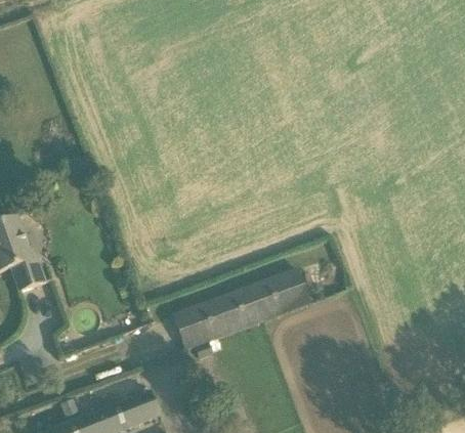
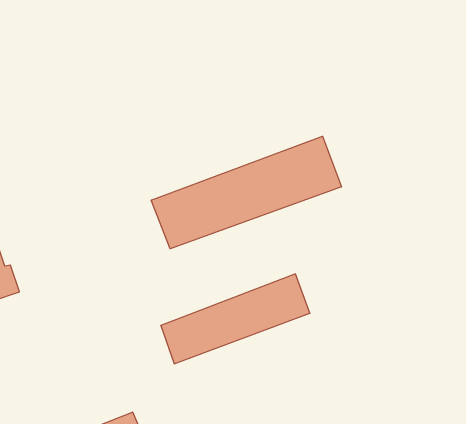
building: none -> [151,136,341,249]

